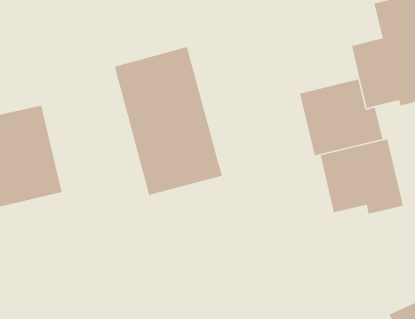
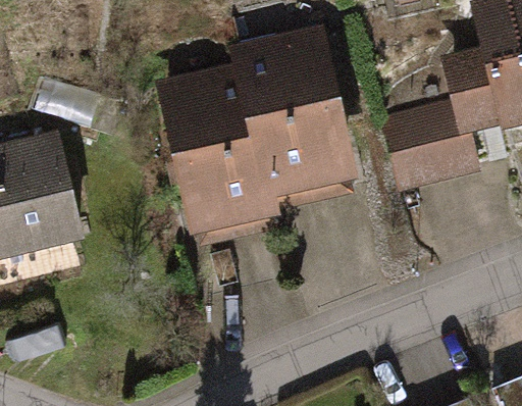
building: none -> [237,21,362,201]
building: [320,139,404,214] -> none

